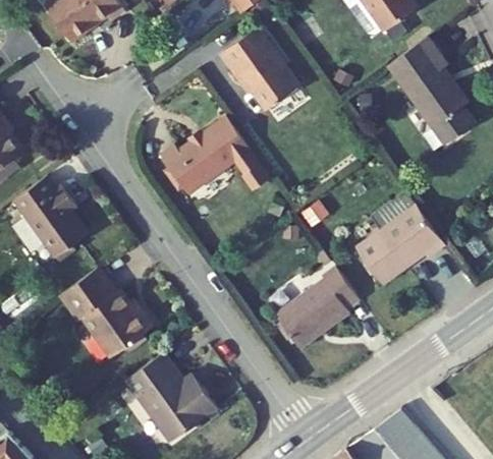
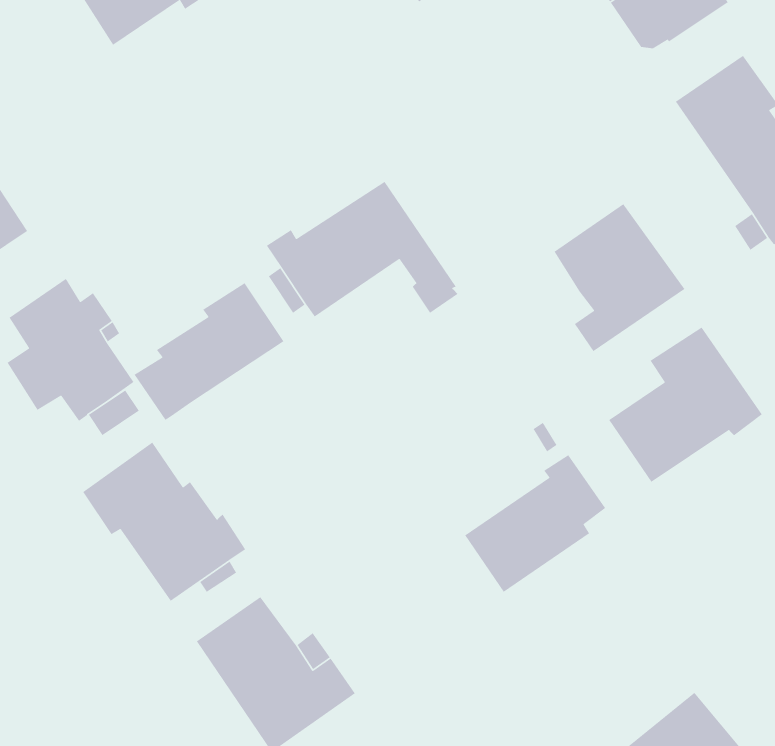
building: [224,28,304,112] -> none
building: none -> [554,203,685,352]
building: none -> [134,282,284,421]

